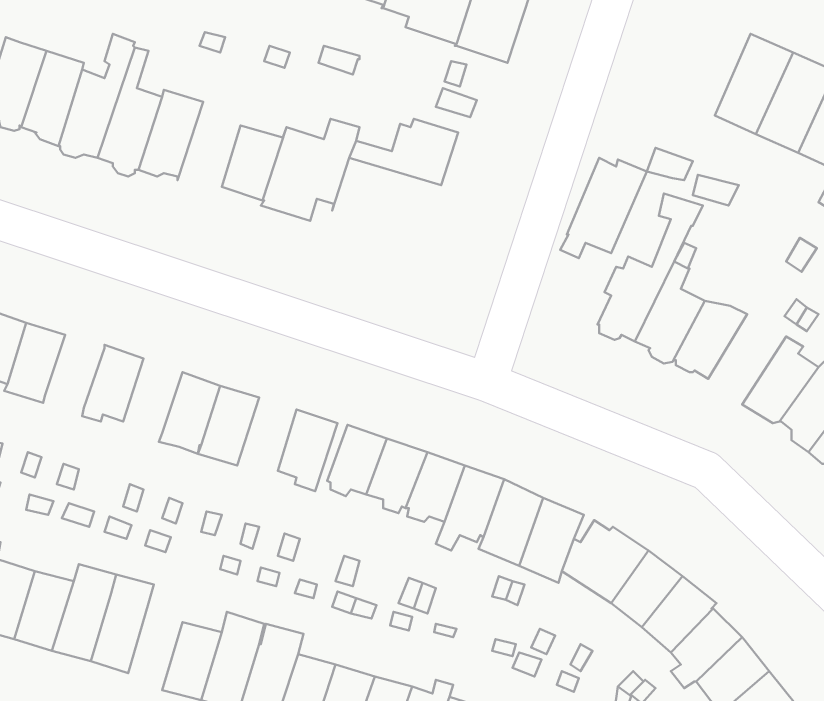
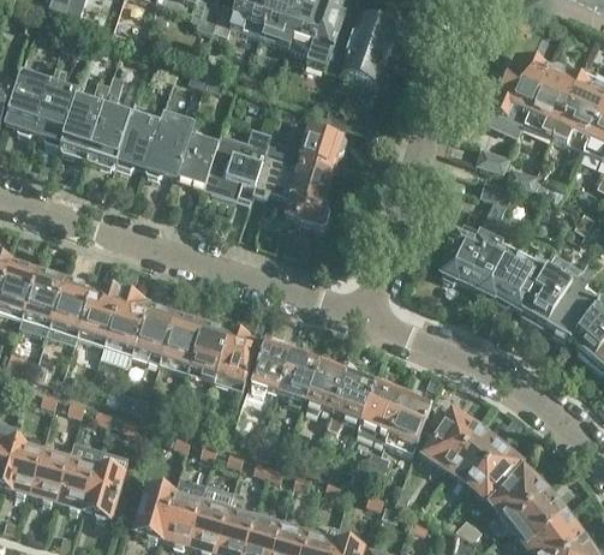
building: none -> [145,82,204,177]
building: none -> [255,154,331,226]
building: [560,158,647,258] -> [489,56,550,127]
building: none -> [520,259,575,328]
building: none -> [50,279,94,332]
building: none -> [101,296,149,365]
building: none -> [187,323,229,381]

